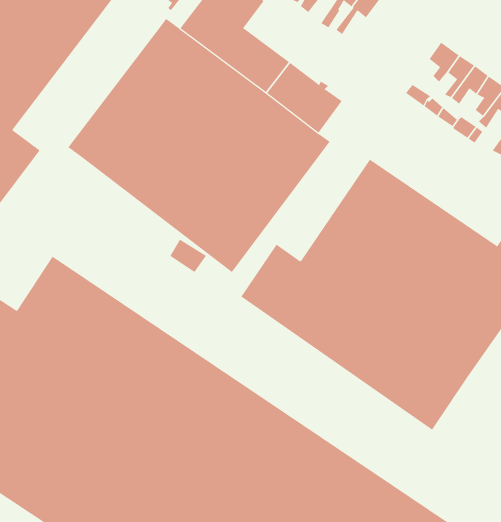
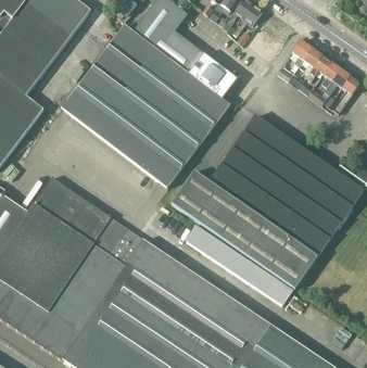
building: none -> [184,224,292,306]

